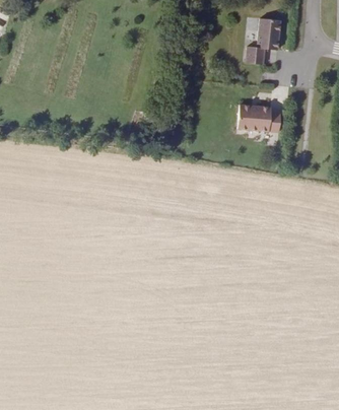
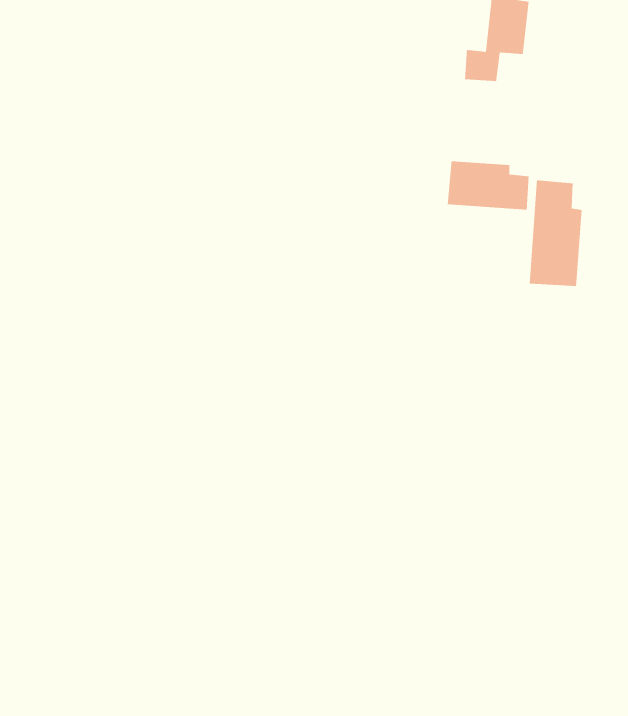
building: none -> [529,180,583,287]

